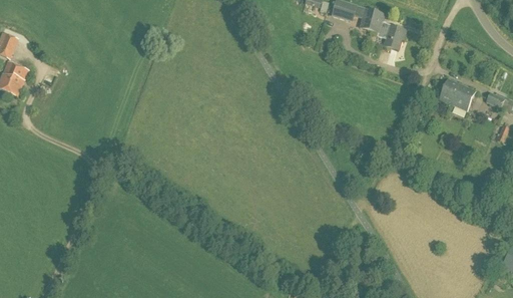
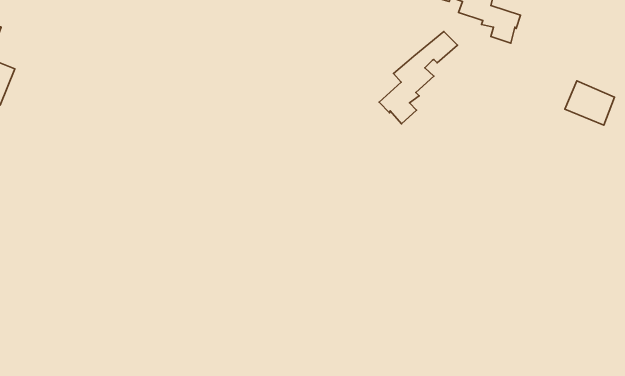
building: none -> [379,31,457,124]

